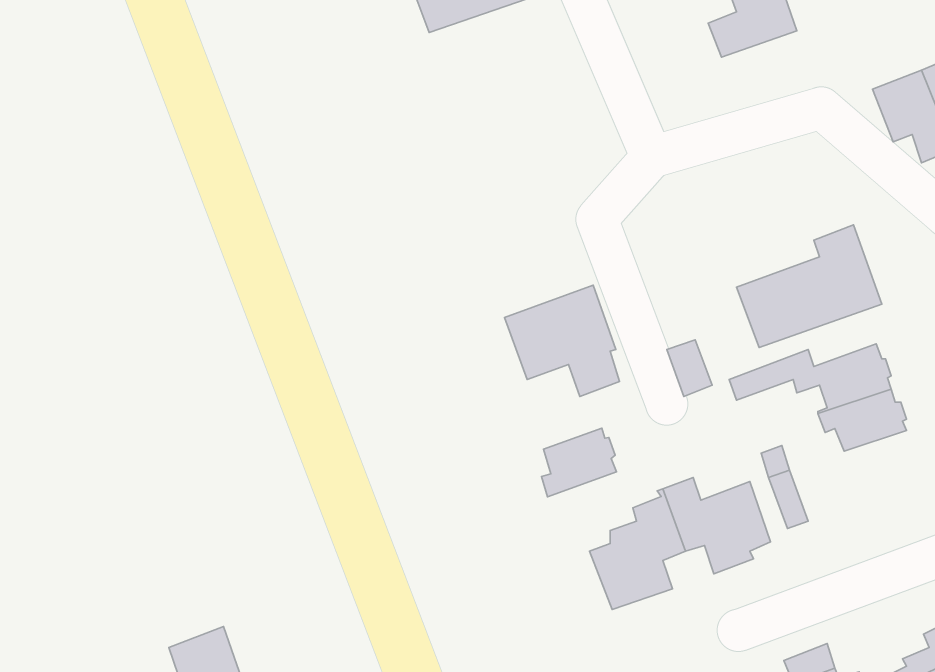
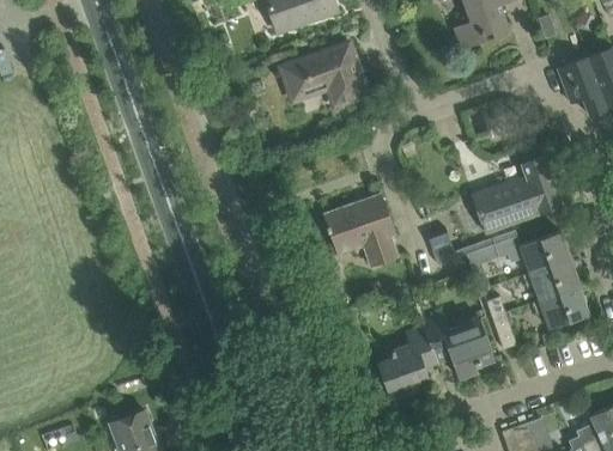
building: none -> [280,42,368,106]
building: [541,428,617,497] -> none
building: none -> [532,286,589,329]

